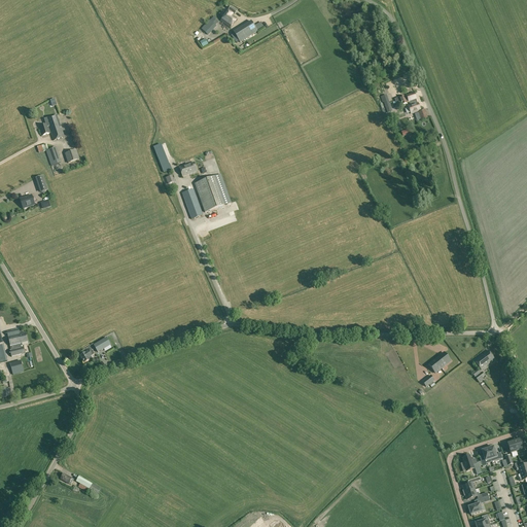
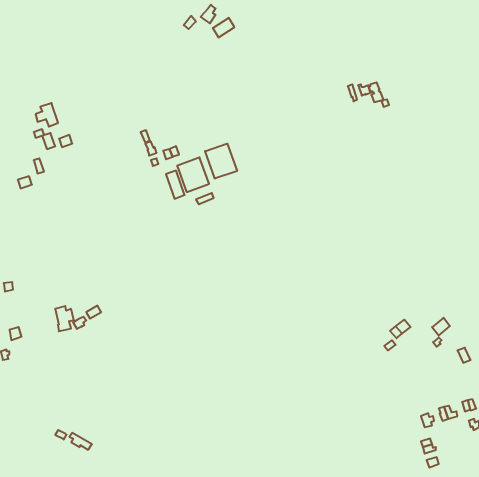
building: none -> [205,144,237,179]
building: [7,327,28,355] -> [55,306,74,331]

